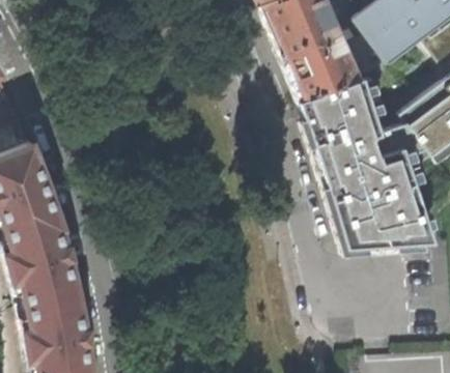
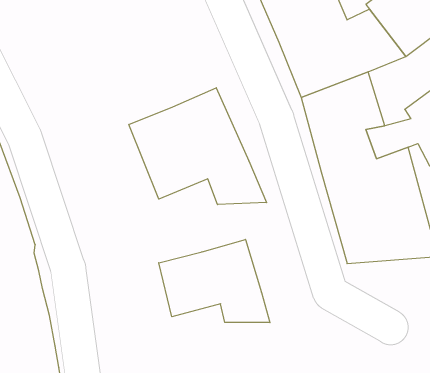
building: none -> [129,88,267,205]
building: none -> [159,239,270,323]

